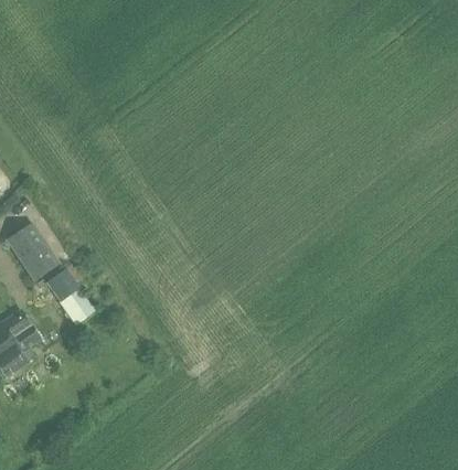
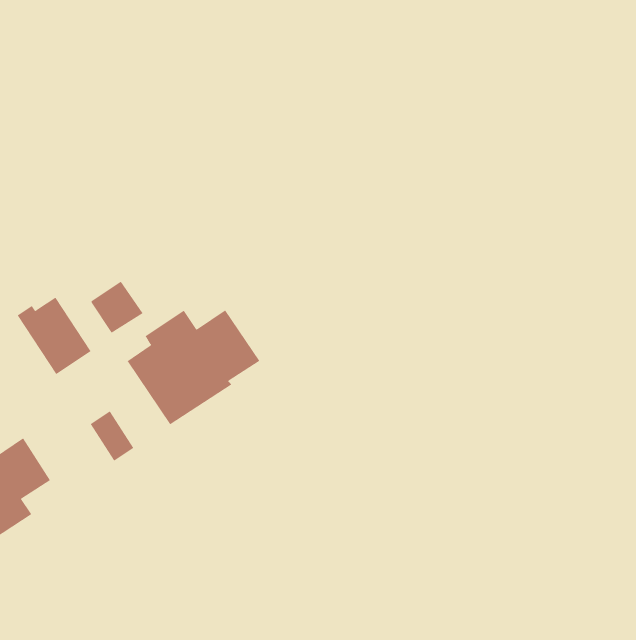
building: none -> [127,310,260,425]
building: [45,269,79,303] -> [91,281,143,334]

